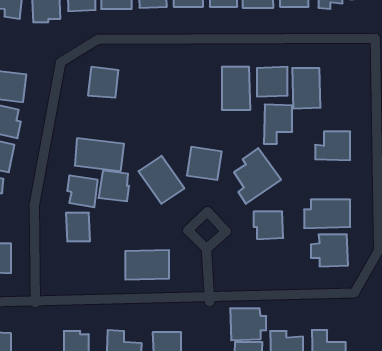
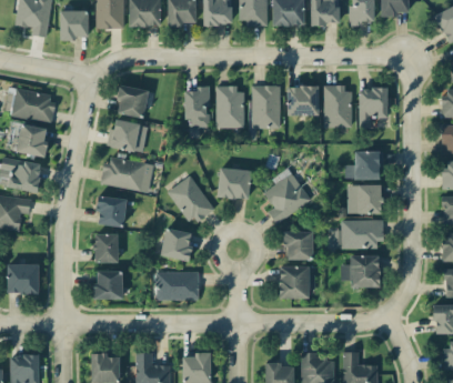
building: none -> [184,85,210,138]
building: none -> [217,87,244,128]
building: none -> [111,120,148,152]
building: [264,104,292,144] -> [359,88,387,128]
building: none -> [348,184,382,214]
building: [98,171,129,201] -> [161,229,192,260]
building: none -> [93,271,123,299]
building: [230,308,266,340] -> [279,266,315,299]

